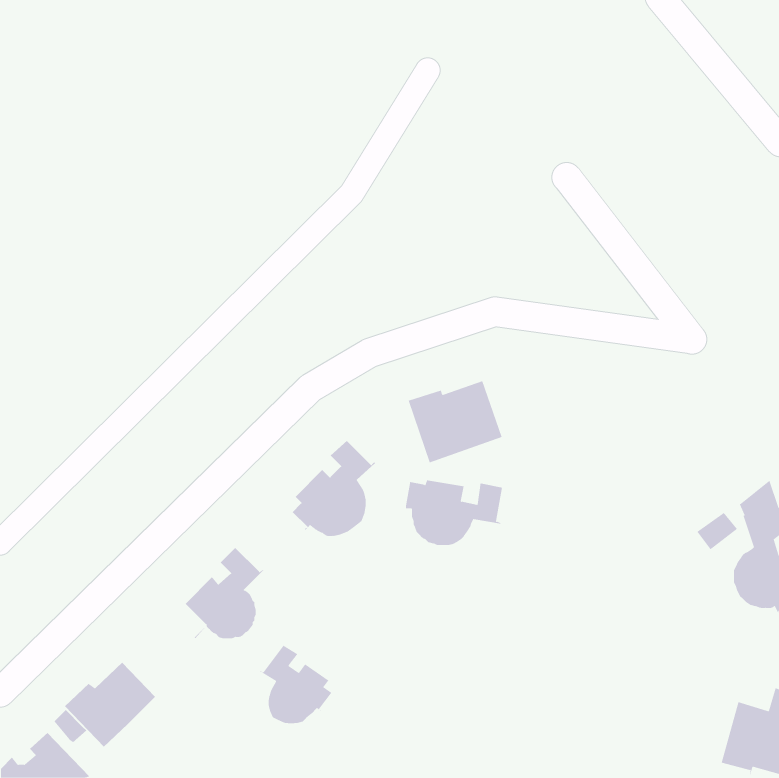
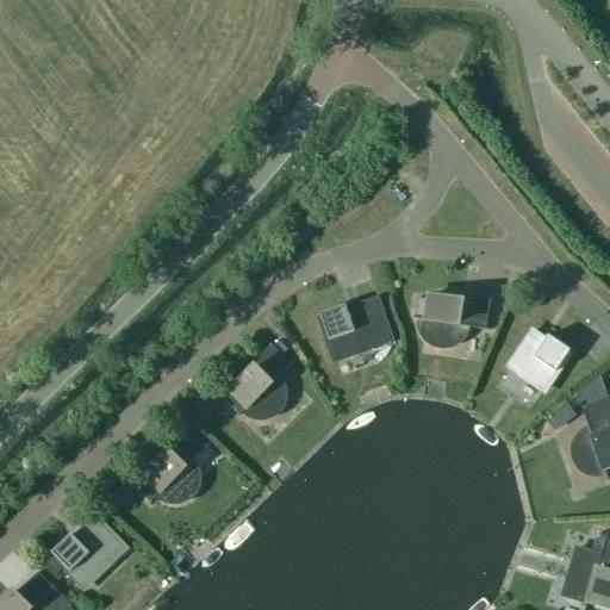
building: none -> [509,330,569,390]
building: [405,480,503,546] -> [415,294,491,346]
building: [259,645,332,724] -> none

